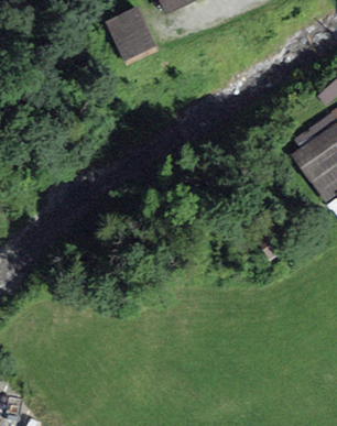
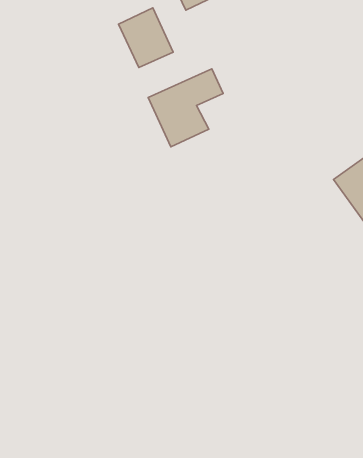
building: none -> [148,69,223,147]

